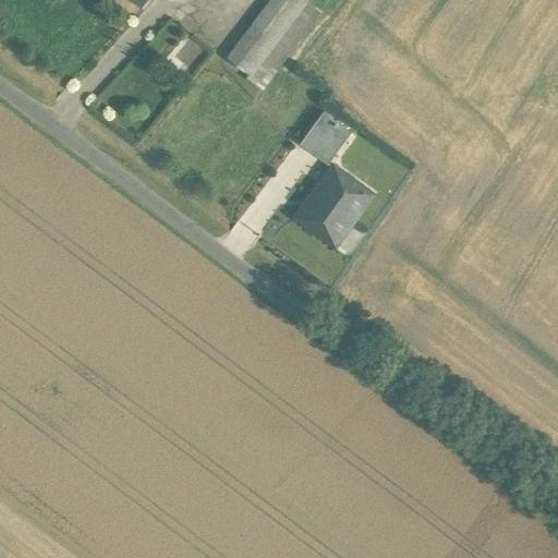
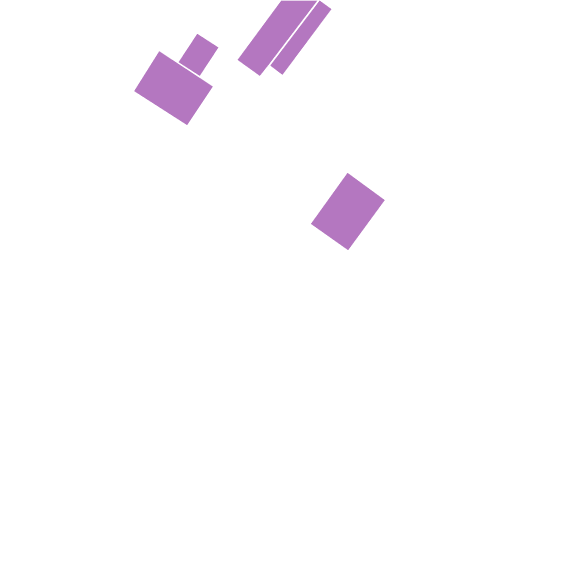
building: none -> [133,50,214,126]
building: [301,111,352,163] -> none

